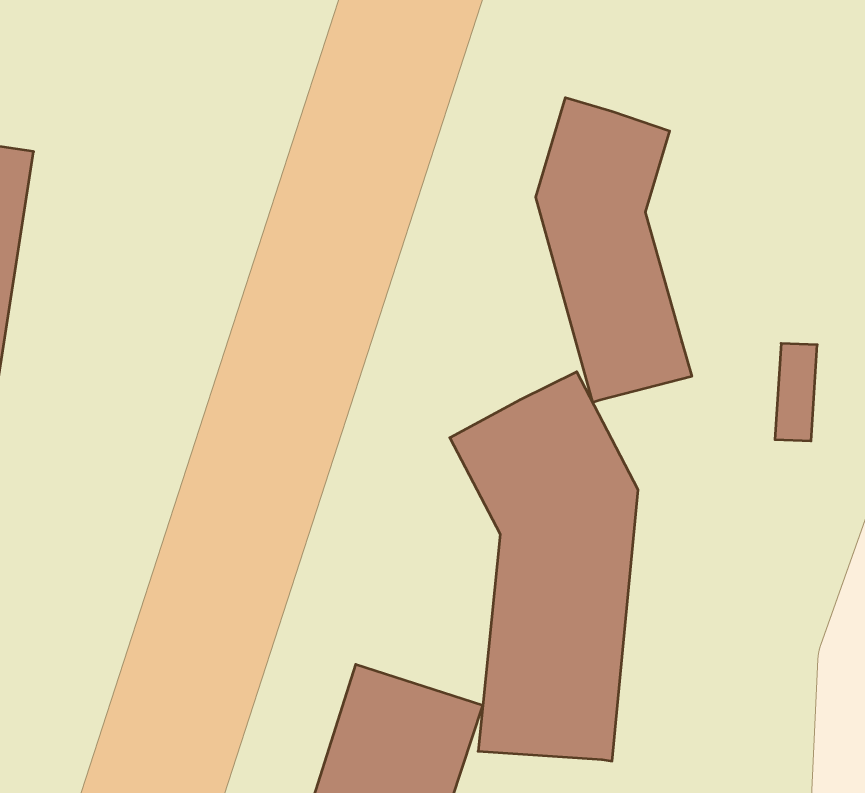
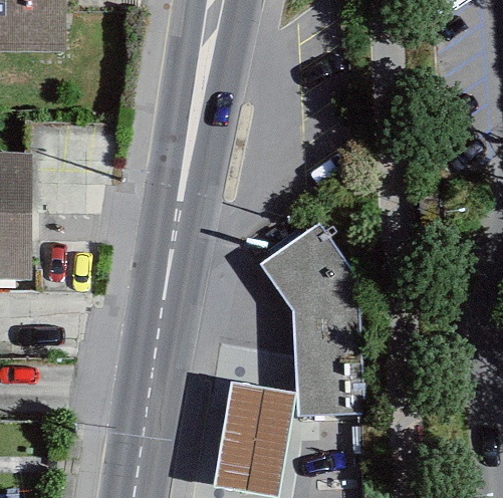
building: [536,98,692,403] -> none

